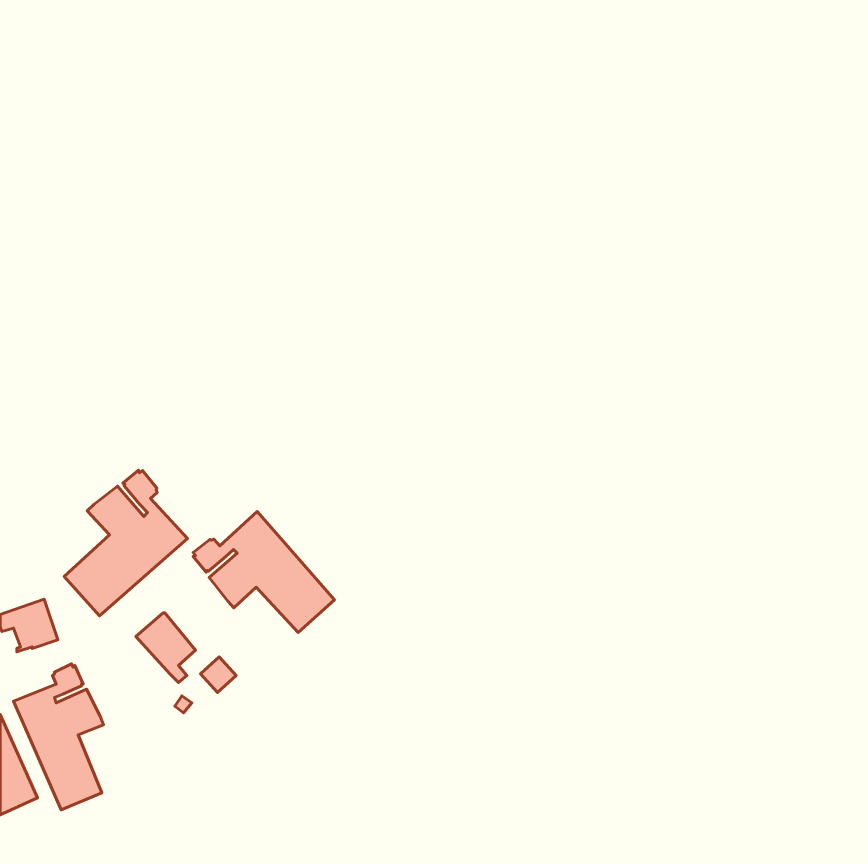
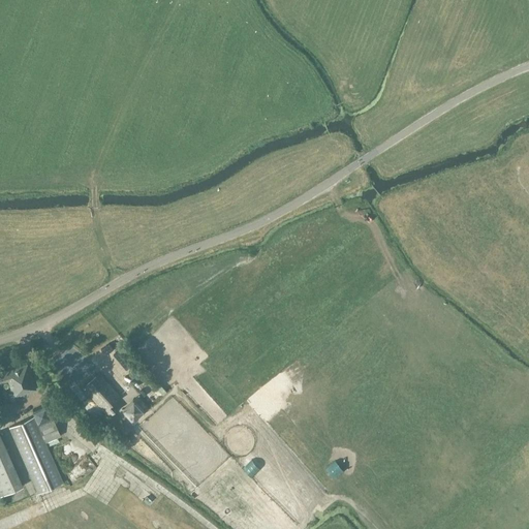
building: [64,470,188,616] -> none
building: [193,511,334,633] -> none

